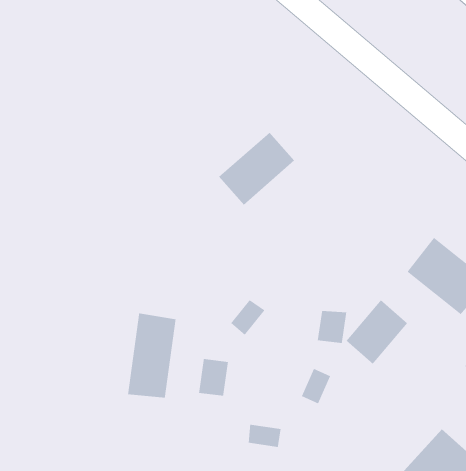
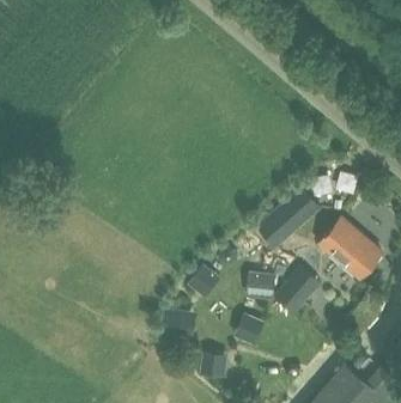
building: [218,132,295,205] -> [256,193,314,248]
building: [127,313,177,398] -> none

